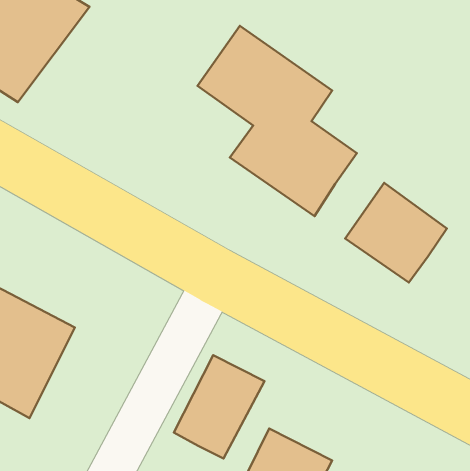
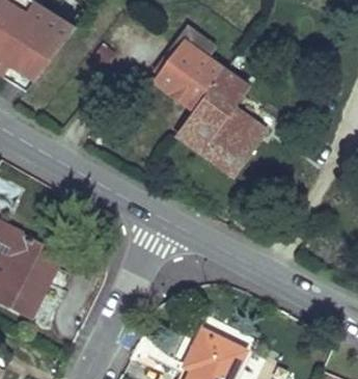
building: [345,183,447,282] -> none
building: [174,355,264,459] -> none

